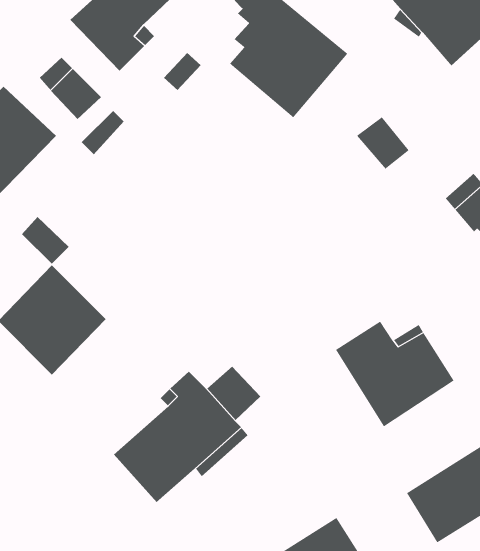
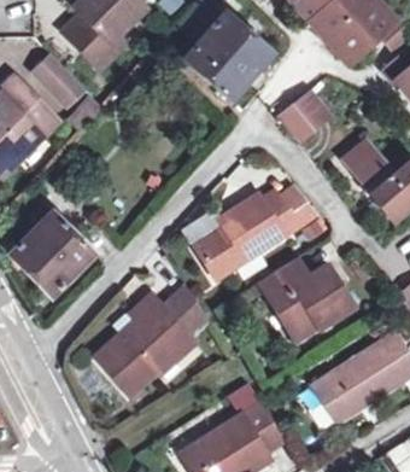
building: none -> [200,186,301,274]

